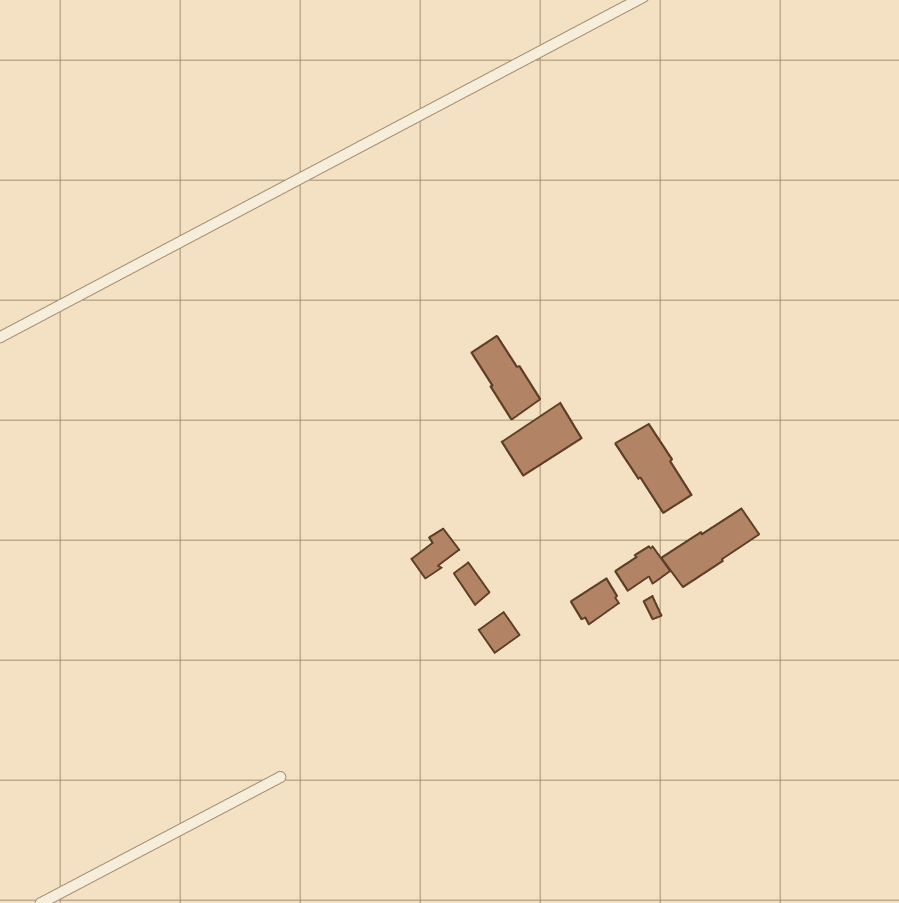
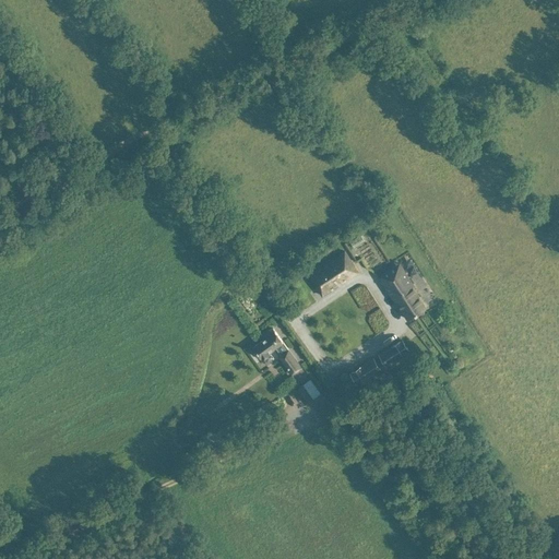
building: [472,336,540,419] -> none
building: [661,508,759,587] -> none

